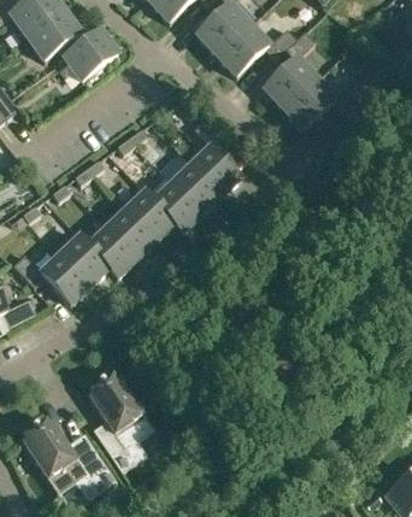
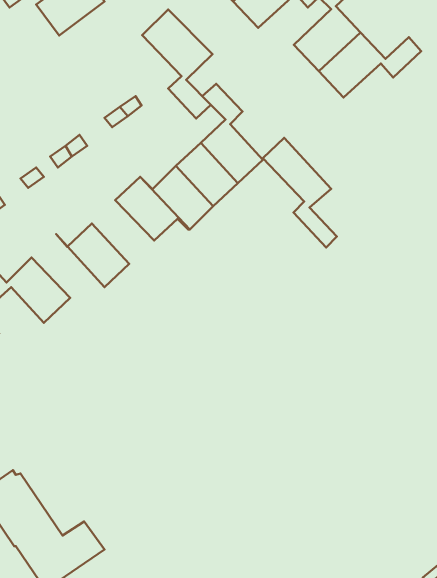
building: none -> [142,9,213,119]
building: none -> [263,138,337,247]
building: [107,207,155,257] -> none
building: [60,234,117,283] -> none
building: [89,372,153,470] -> none

